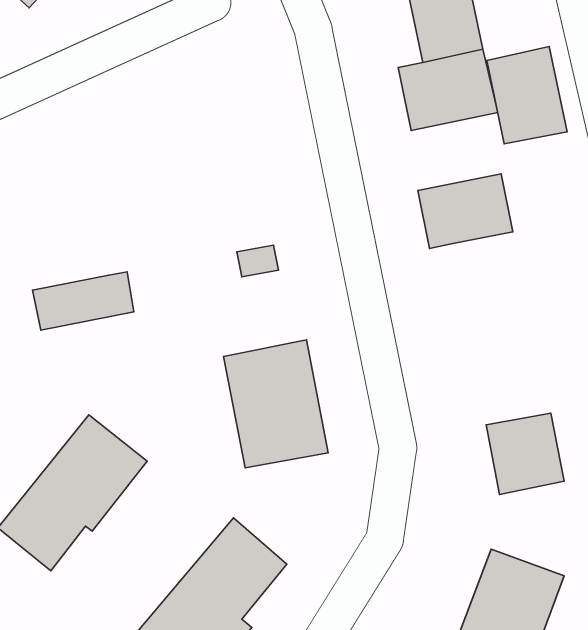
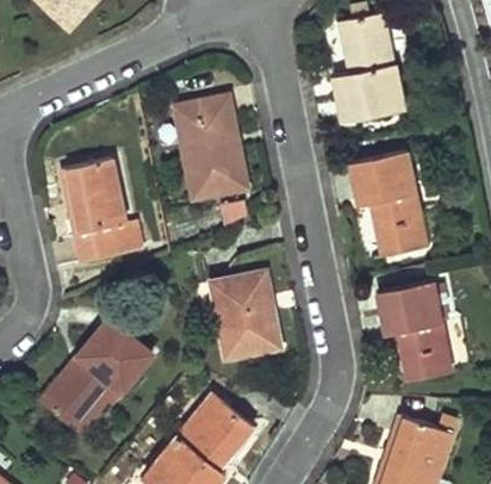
building: [487,47,567,144] -> none
building: none -> [172,94,249,200]
building: none -> [57,157,125,234]
building: none -> [372,192,425,252]
building: none -> [374,280,442,333]

